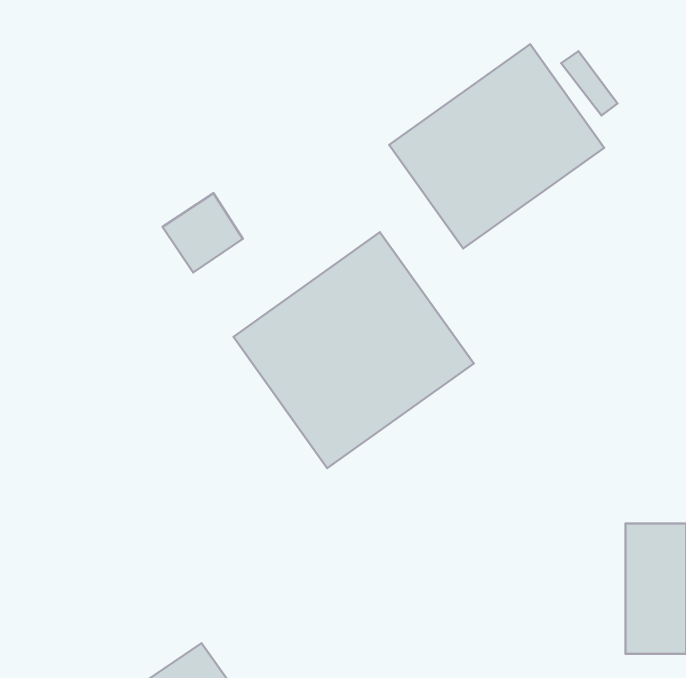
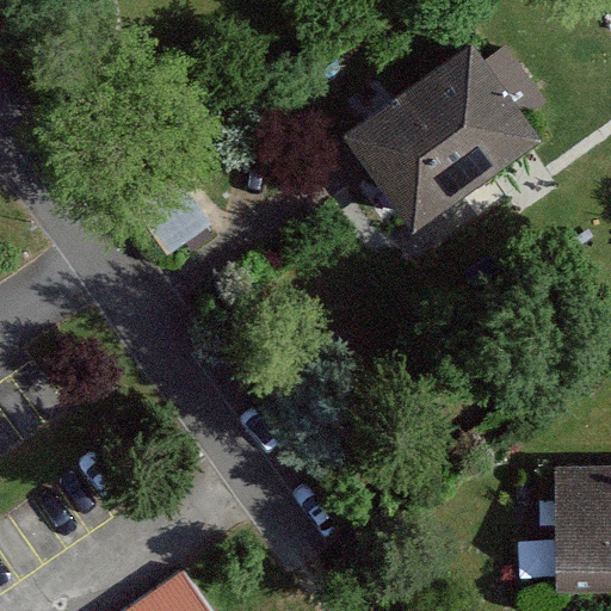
building: [233,232,474,468] -> none

